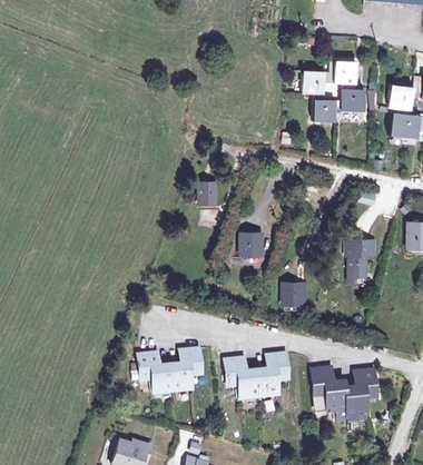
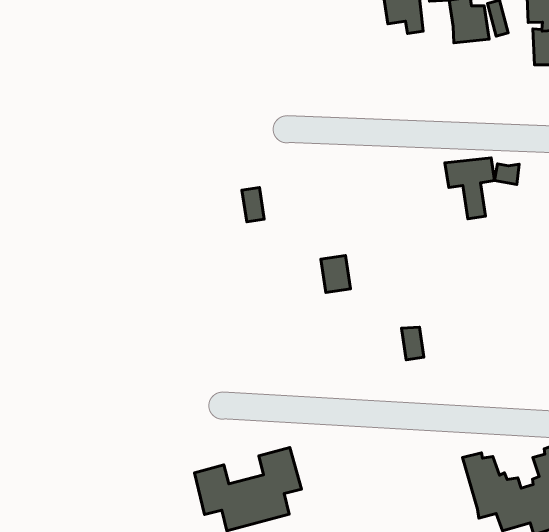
building: [313,101,343,122] -> none
building: [340,238,368,275] -> [445,158,494,219]
building: [222,352,286,398] -> none

